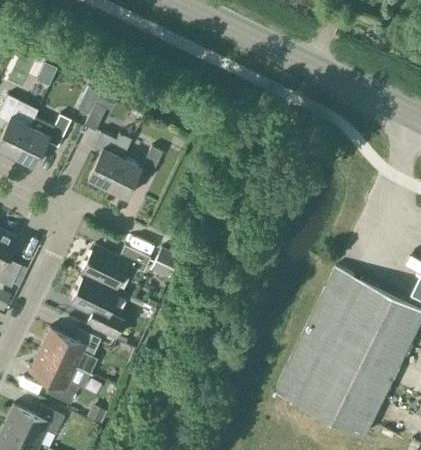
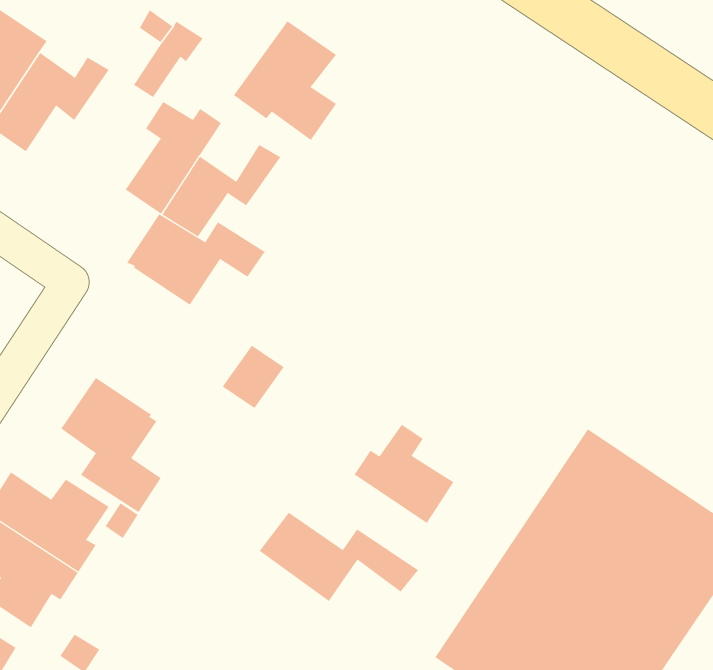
building: none -> [233,20,337,141]
building: [82,247,151,291] -> [126,213,265,306]
building: none -> [354,424,454,524]
building: none -> [259,512,419,602]

